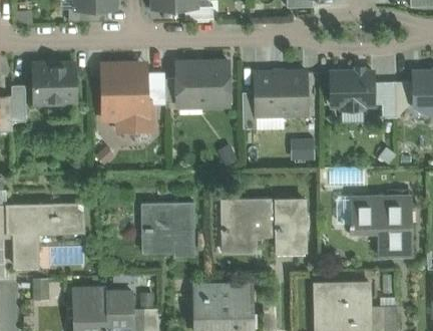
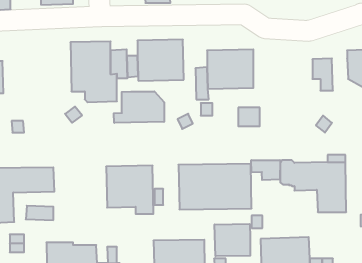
building: [32,64,76,102] -> none
building: [331,71,373,109] -> none
building: [395,82,413,118] -> none
building: none -> [114,91,164,123]
building: none -> [251,160,280,180]
building: none -> [215,224,250,256]

